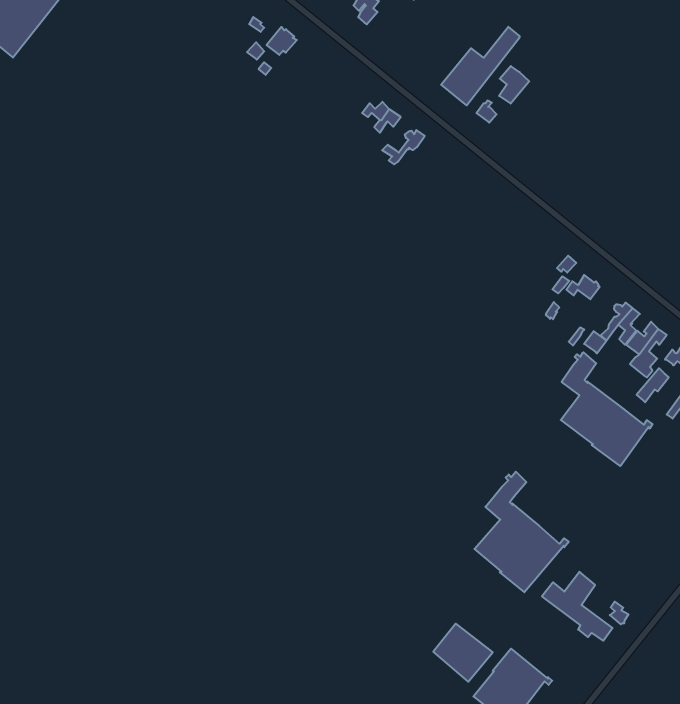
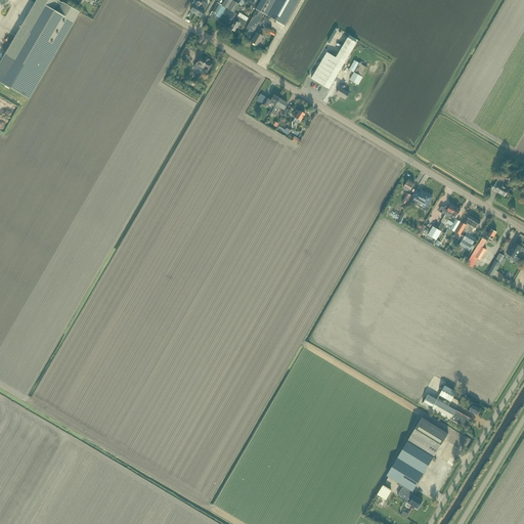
building: [561,352,652,466] -> none
building: [474,472,569,592] -> none
building: [433,624,493,682] -> [408,417,447,453]

